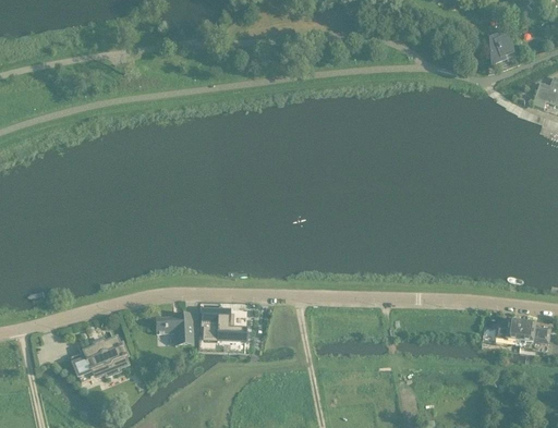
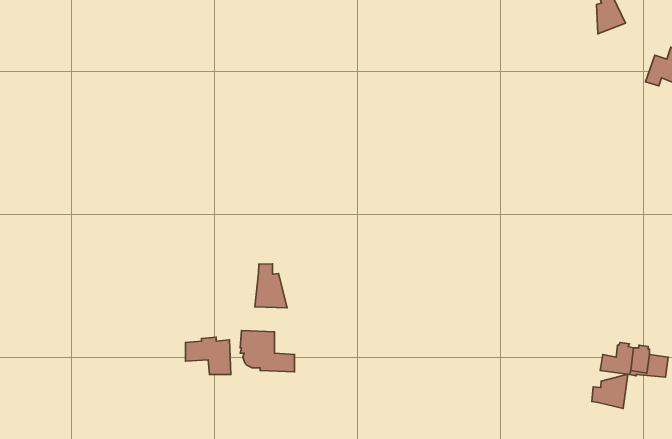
building: none -> [255,264,287,308]
building: [69,337,123,381] -> none
building: none -> [592,374,628,408]

